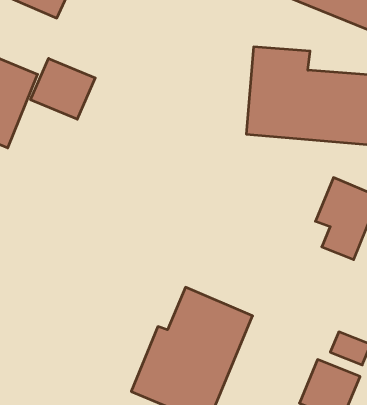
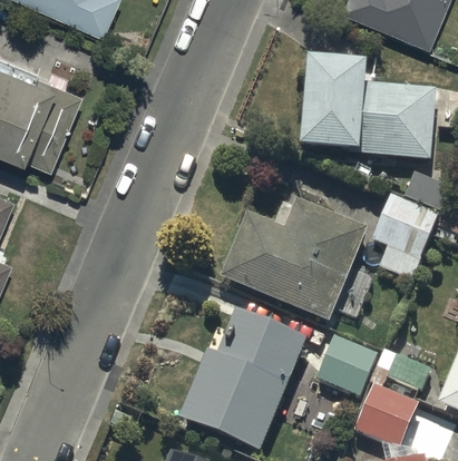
building: [31,58,95,119] -> none
building: none -> [221,202,368,325]
building: none -> [318,339,378,400]

